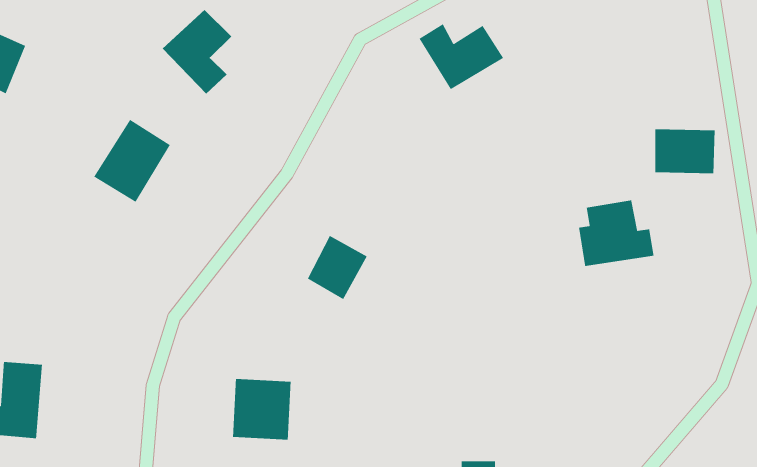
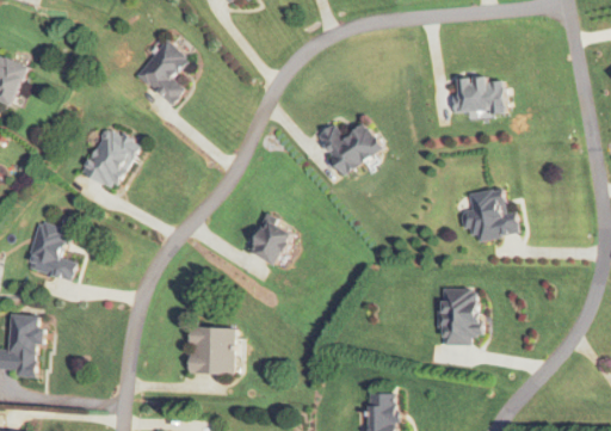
building: [419,23,504,90] -> [315,123,382,176]
building: [655,128,716,174] -> [456,78,504,113]
building: none -> [26,223,78,281]
building: none -> [437,288,479,343]

